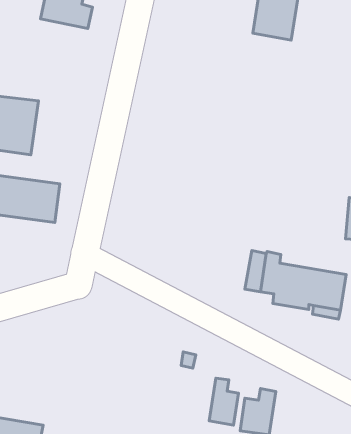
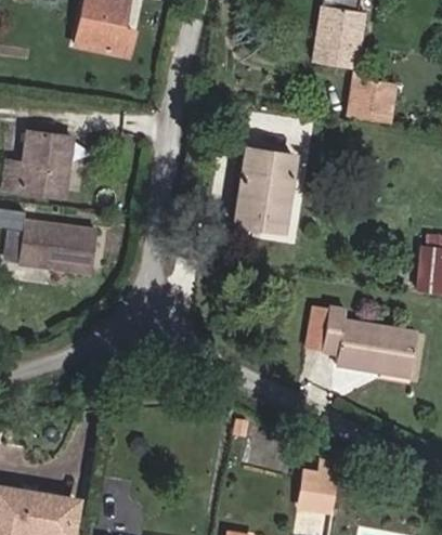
building: none -> [349,79,395,120]
building: none -> [233,146,294,231]
building: [209,378,239,425] -> none

